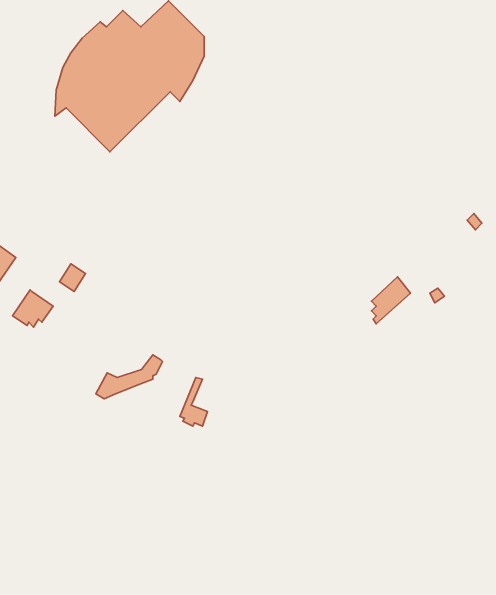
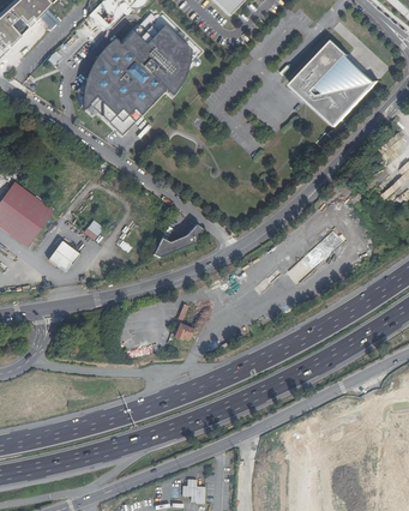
building: none -> [290,38,378,126]
building: [96,355,163,399] -> [152,224,202,257]

